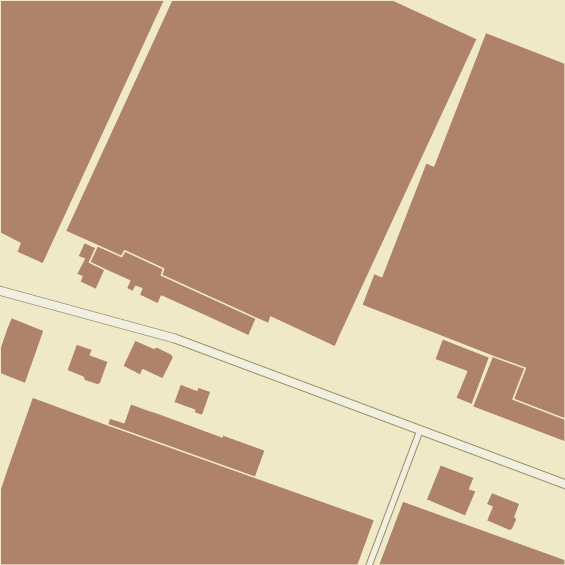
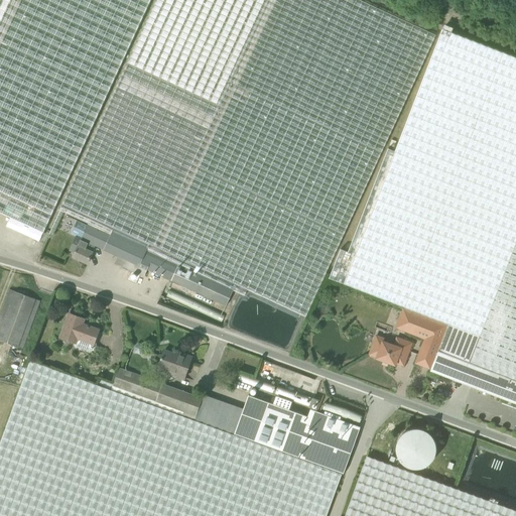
building: [122,340,174,379] -> none
building: none -> [369,339,412,366]
building: none -> [233,398,360,475]
building: [486,492,520,531] -> none

